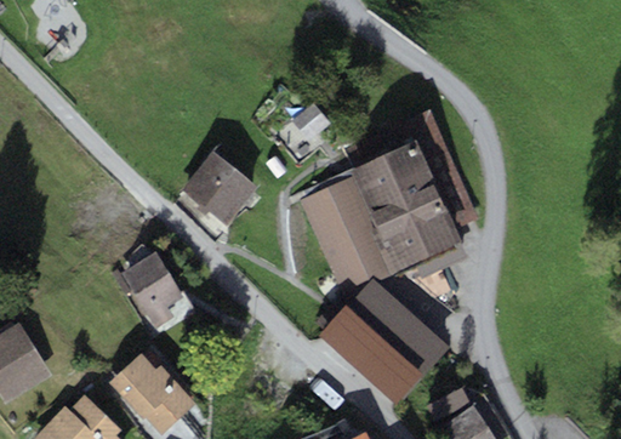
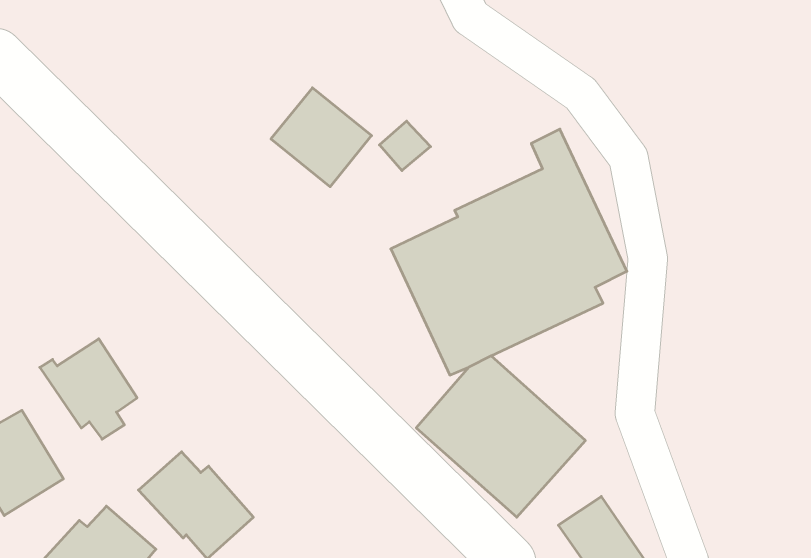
building: [181,150,257,226] -> [271,88,372,187]
building: [109,251,183,327] -> [40,339,137,439]

